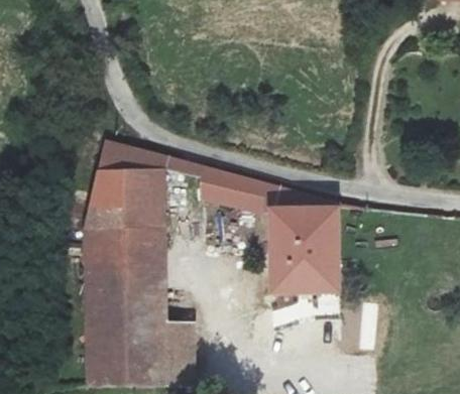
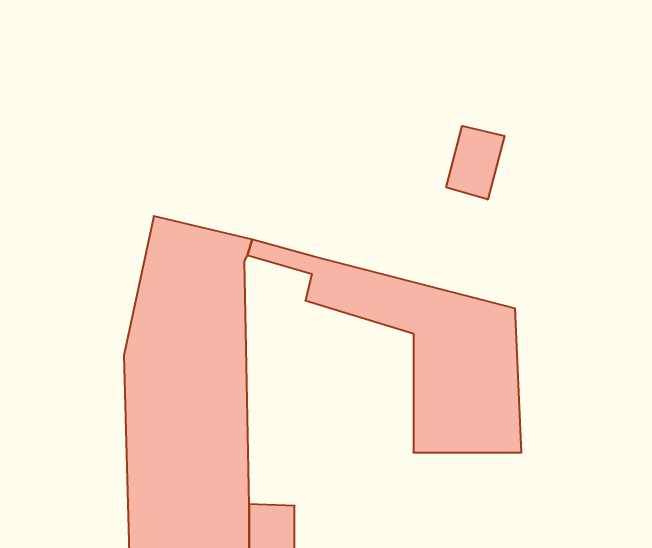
building: none -> [446,126,504,200]

